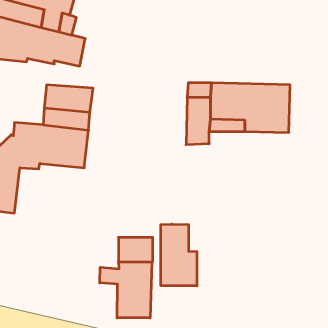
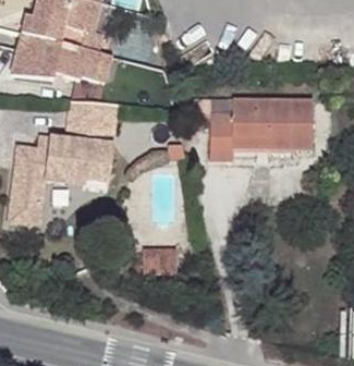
building: [161,224,197,286] -> none
building: [100,262,152,318] -> none

